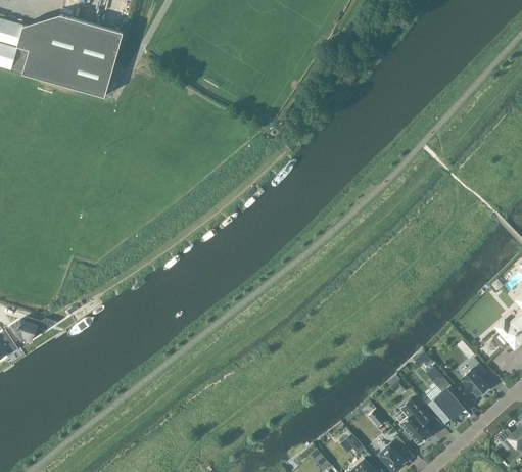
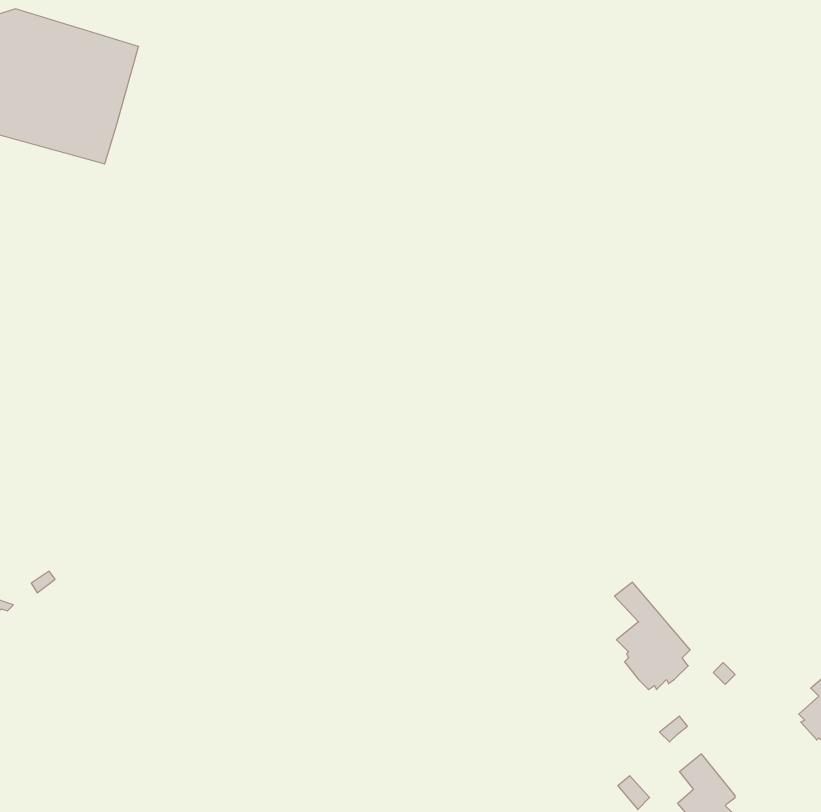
building: [425,367,464,422] -> [615,582,690,690]

